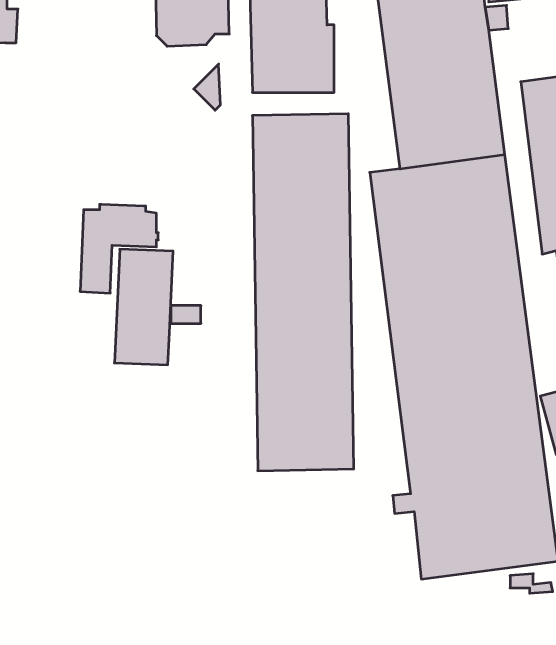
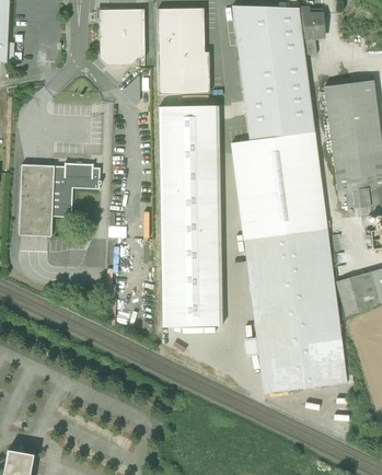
building: [114,249,173,365] -> [19,164,55,235]

